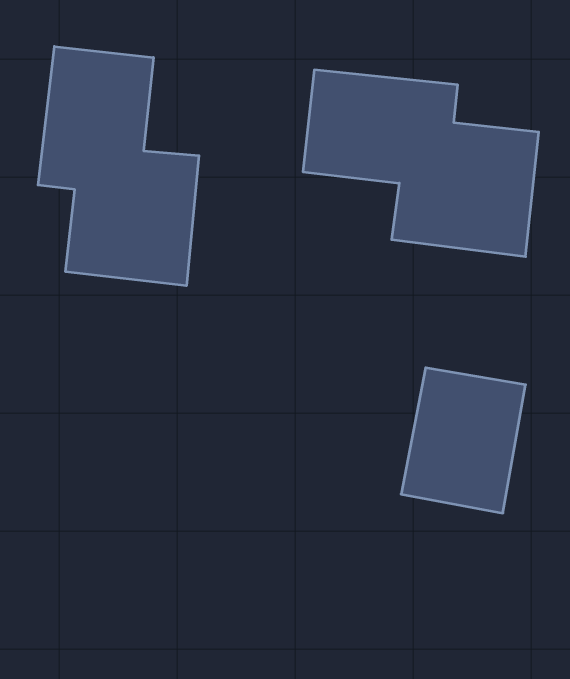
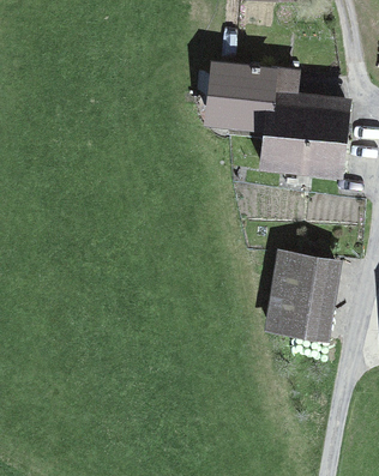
building: [38,46,199,286] -> none

